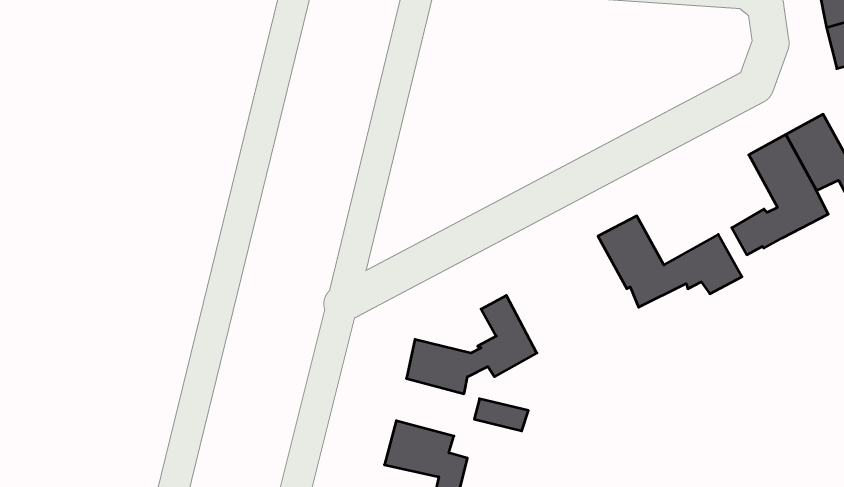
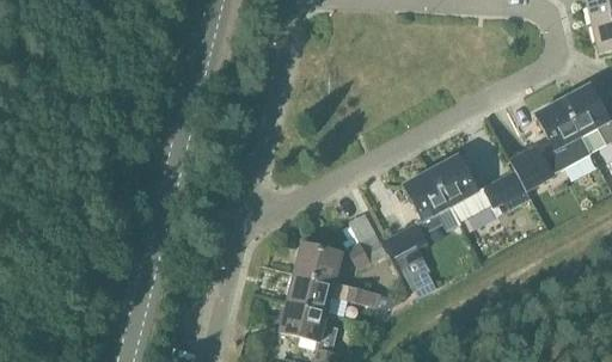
building: none -> [386,171,451,290]
building: none -> [288,271,336,312]

